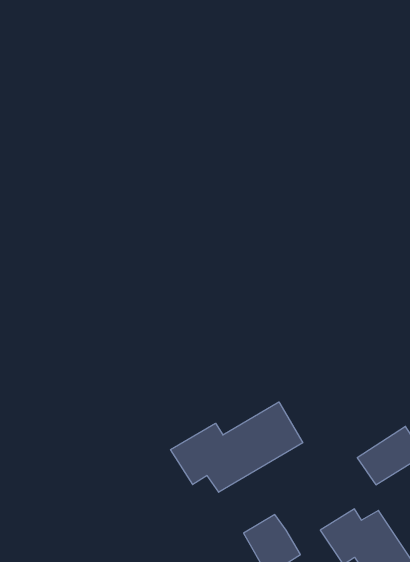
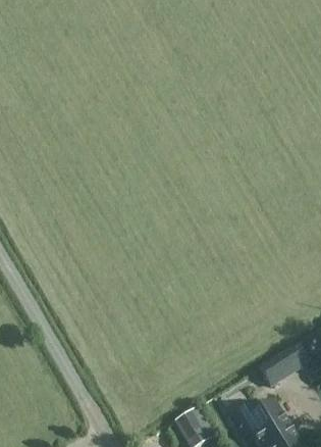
building: [171,402,303,492] -> none

